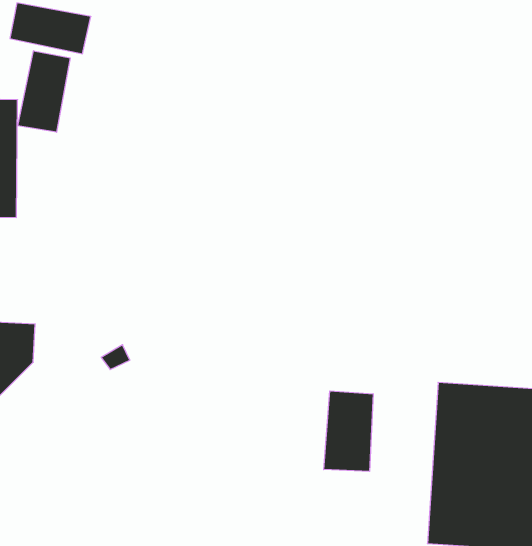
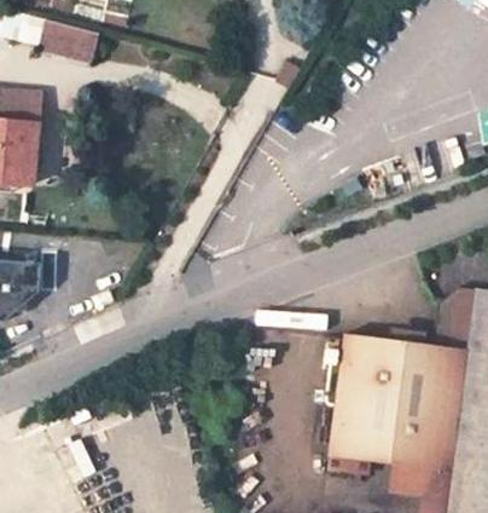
building: [18,51,70,132] -> none
building: [324,391,373,471] -> none

